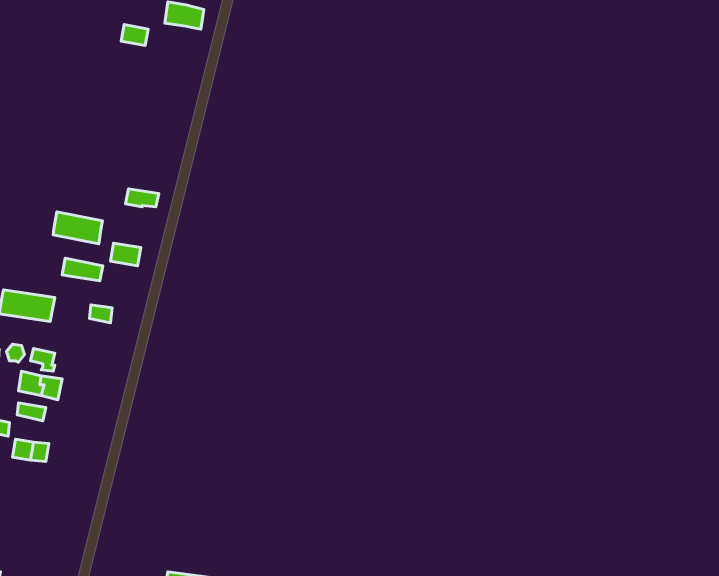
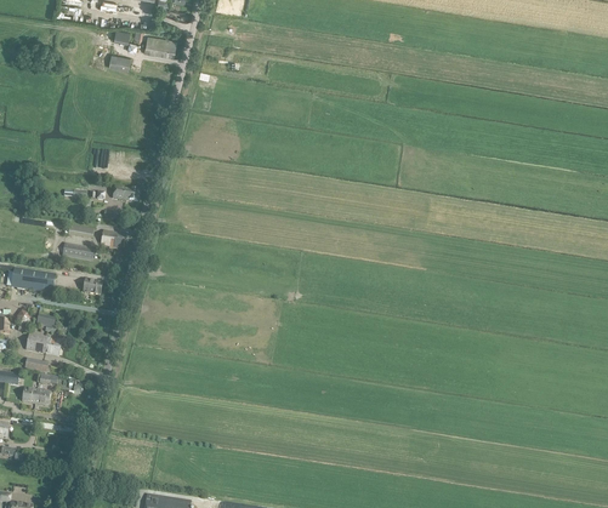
building: [53,212,102,244] -> none

